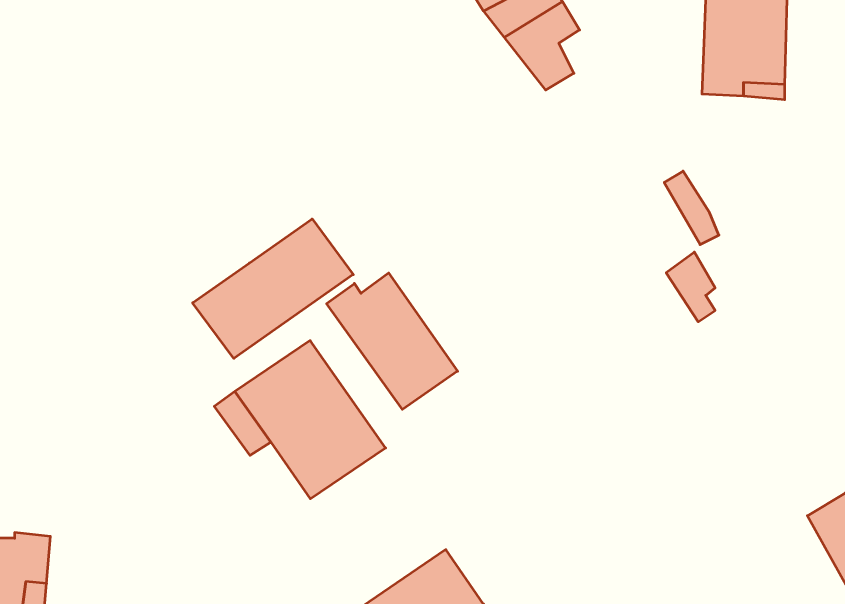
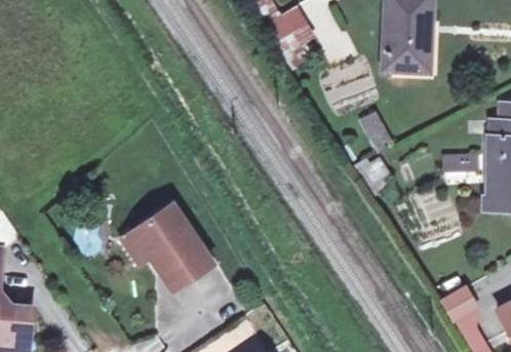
building: [193,219,353,358] -> none
building: [327,273,458,409] -> none

